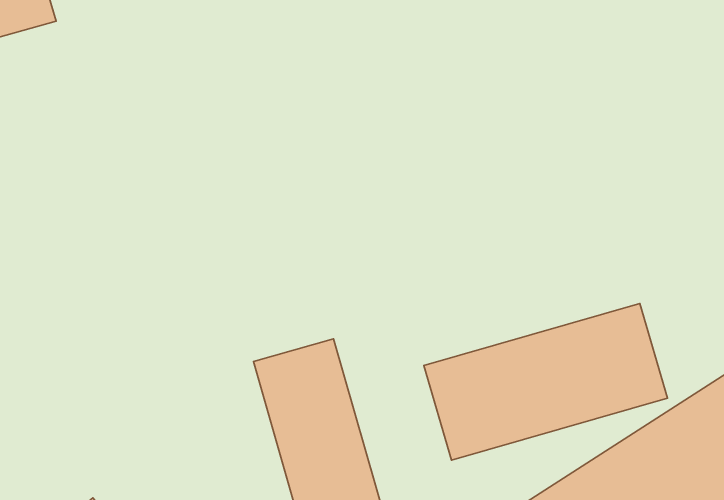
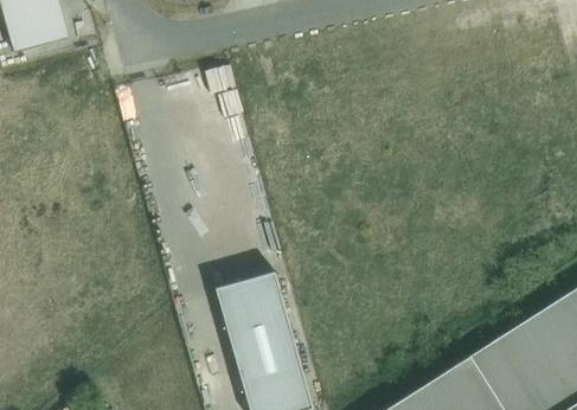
building: [424,304,668,460] -> none

